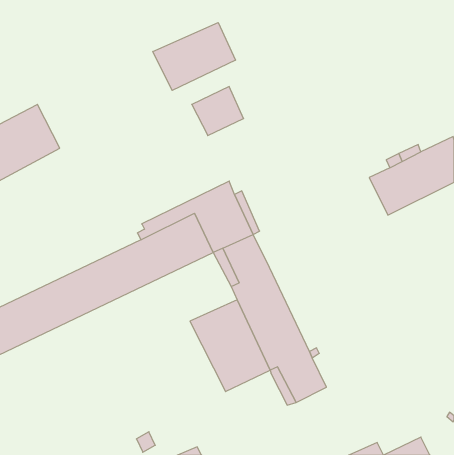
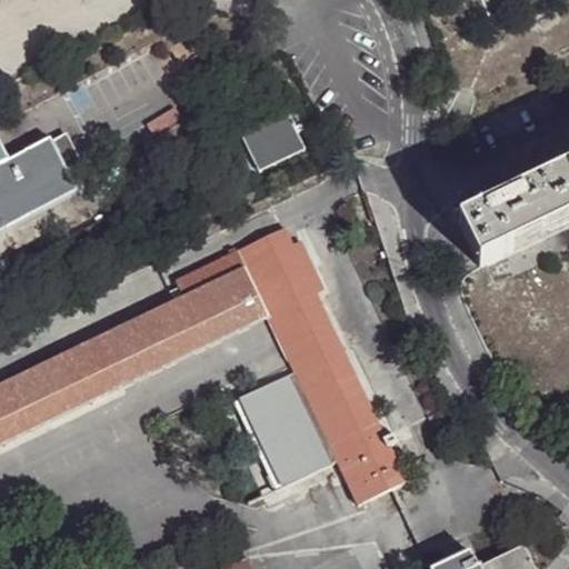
building: [153,23,235,90] -> none

